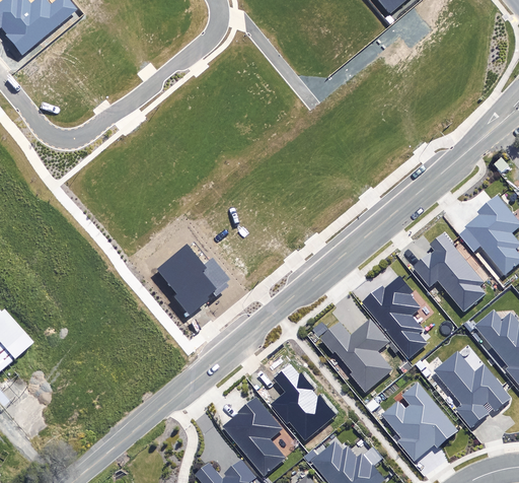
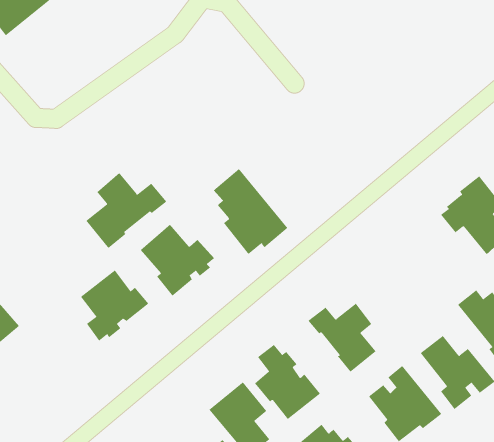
building: none -> [213,168,288,255]
building: none -> [86,172,167,249]
building: [411,230,484,308] -> none
building: [360,274,427,358] -> none
building: none -> [80,270,149,341]

